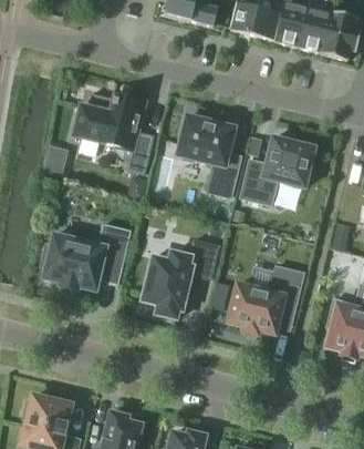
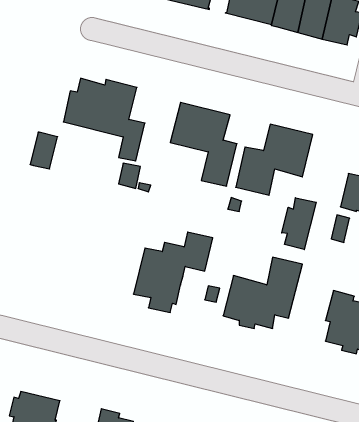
building: none -> [282,198,316,250]
building: [41,223,132,289] -> none

